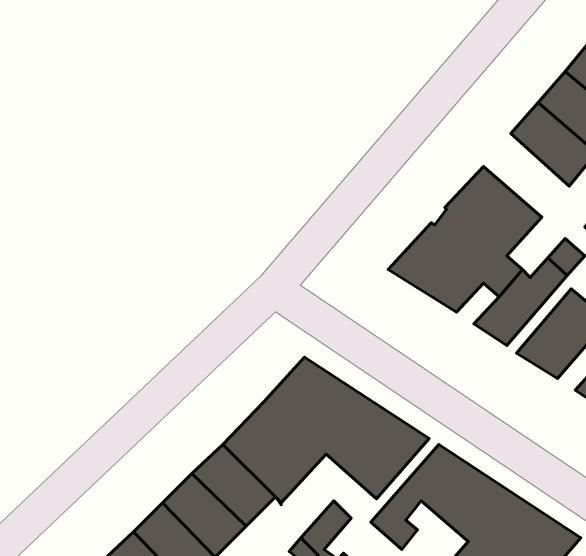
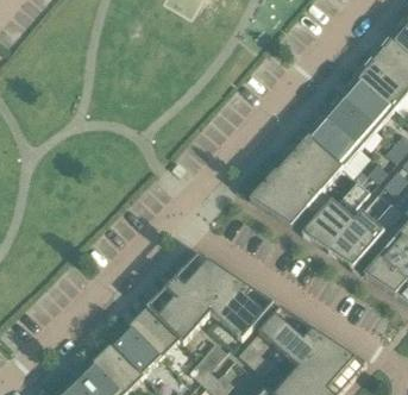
building: none -> [307,115,359,167]

